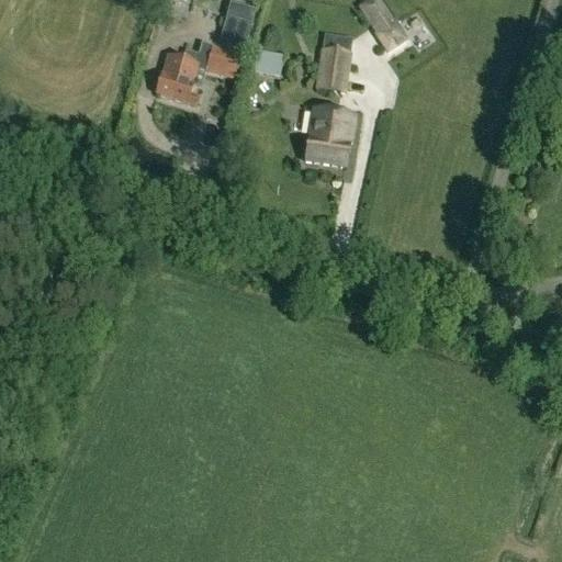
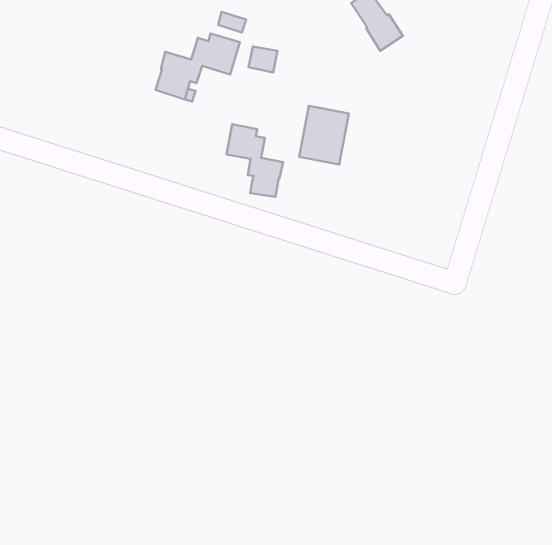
building: [313,31,351,91] -> none
building: none -> [227,124,283,197]

